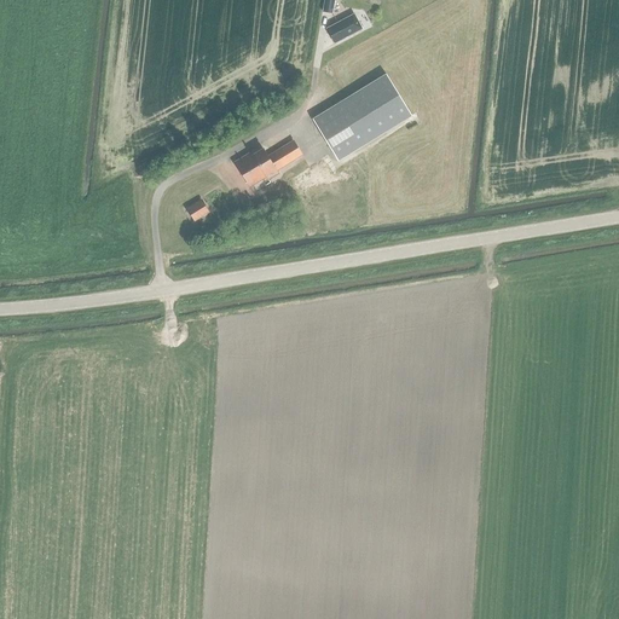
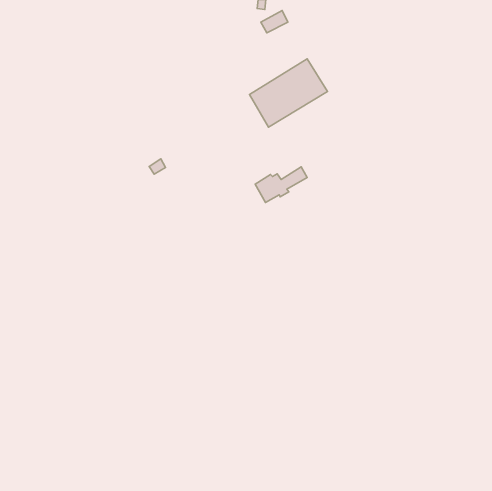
building: [236,140,301,185] -> [255,167,307,203]

